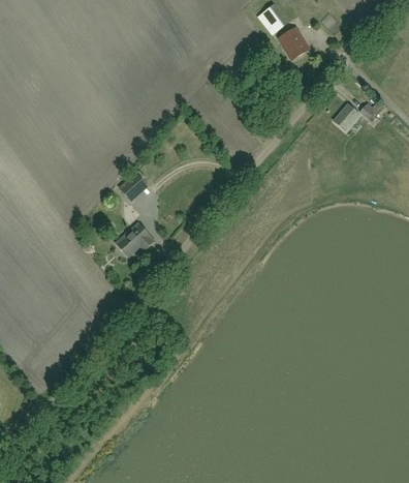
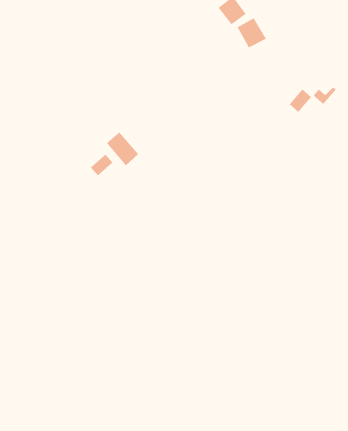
building: none -> [106,132,139,166]
building: [116,222,154,258] -> none

